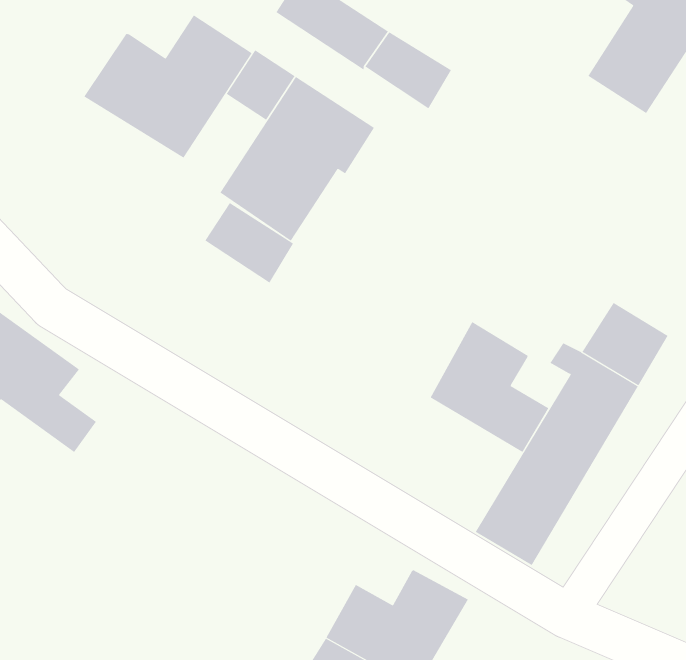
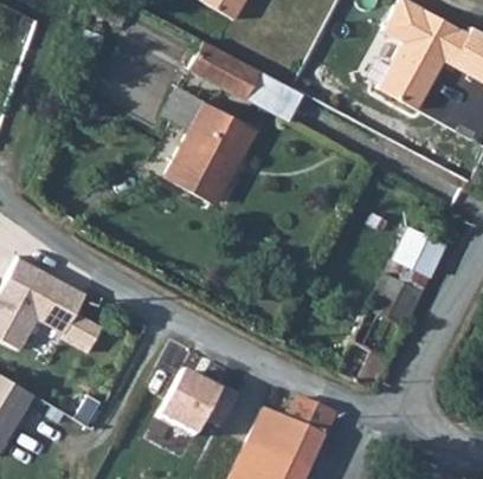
building: [83,15,252,159] -> none
building: [204,202,294,284] -> none
building: [430,321,549,453] -> none
building: none -> [156,370,234,433]

